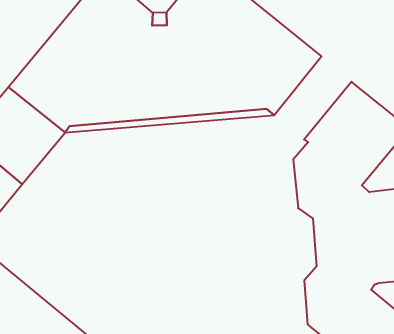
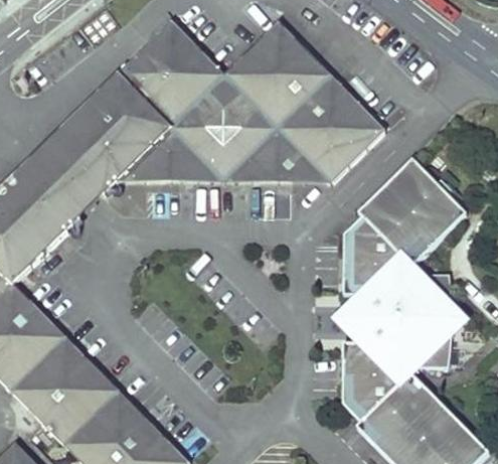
building: none -> [333,281,358,355]

